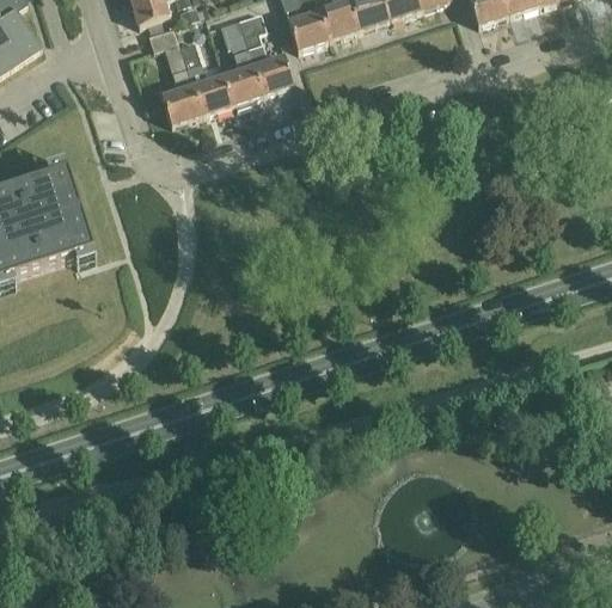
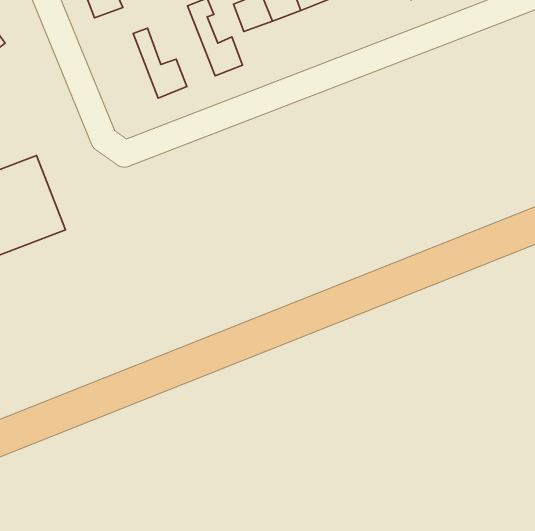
building: [219,18,263,104] -> none
building: [147,25,201,124] -> none

